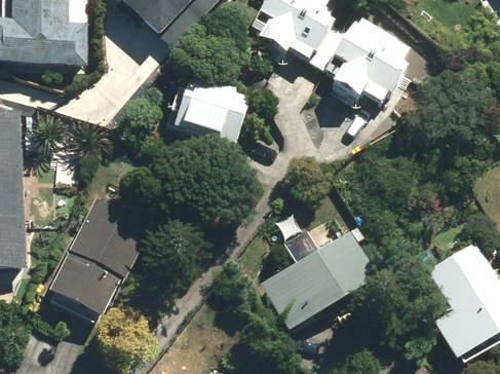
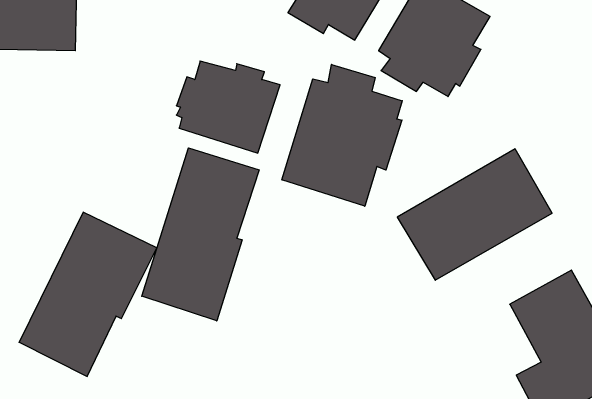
building: none -> [282,64,402,206]
building: none -> [142,148,259,321]
building: [256,231,377,334] -> [397,149,552,280]

